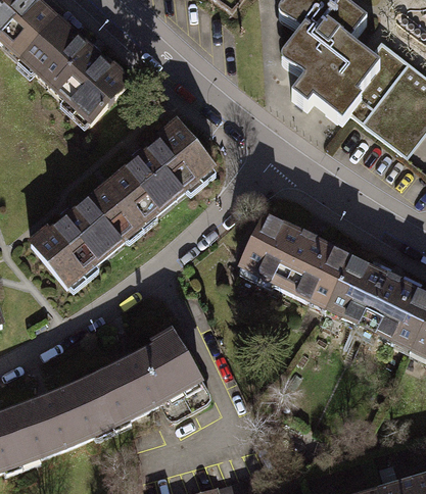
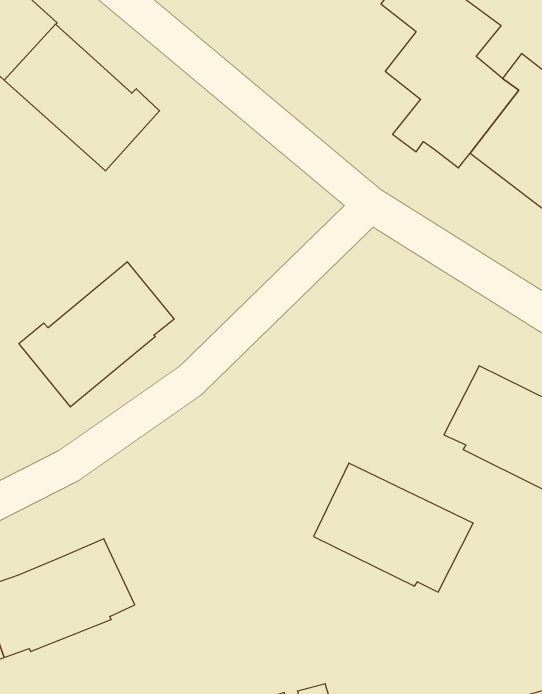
building: [107,121,215,225] -> none
building: [241,215,352,305] -> [314,463,473,592]
building: [91,330,210,424] -> none

